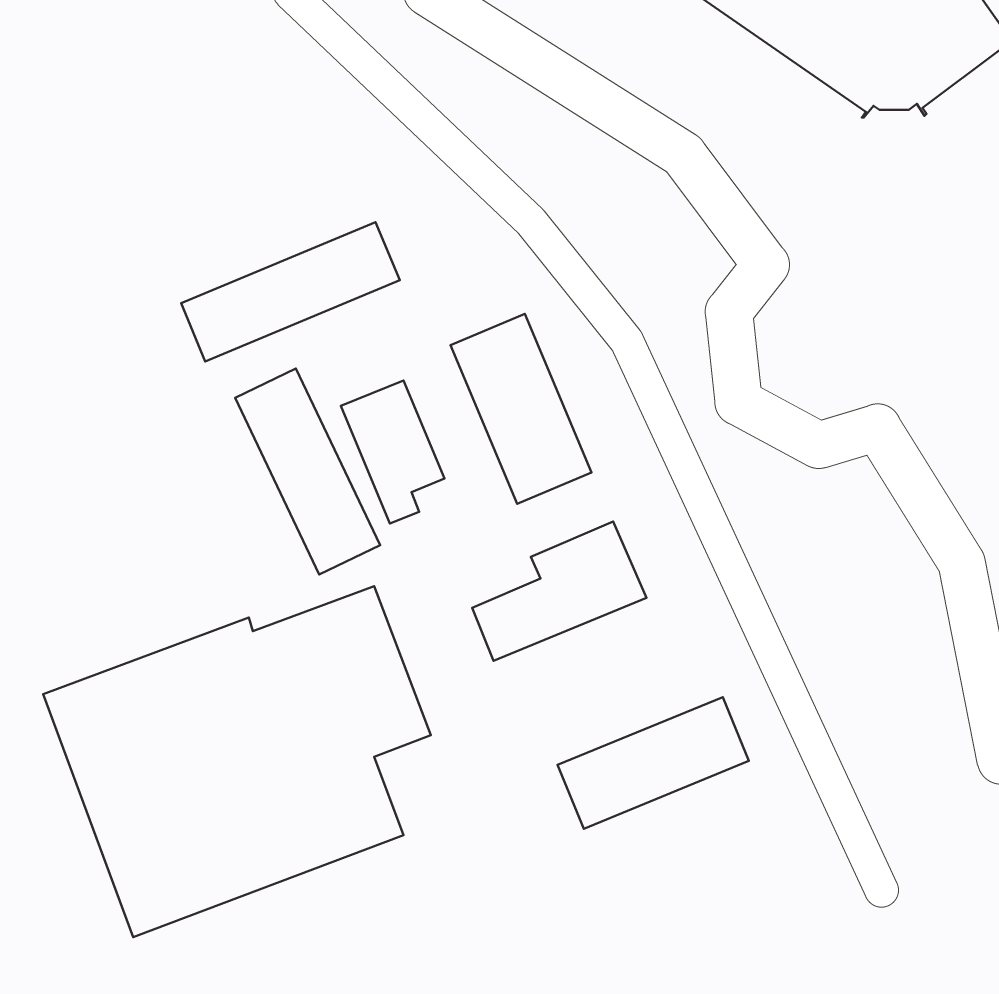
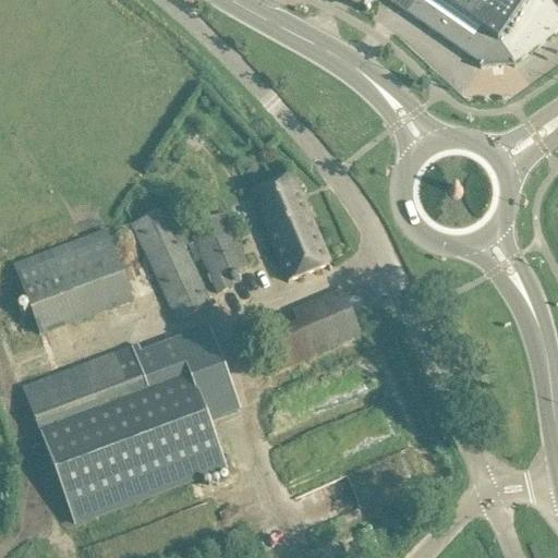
building: [181,222,400,361] -> none
building: none -> [13,229,135,337]
building: [558,697,749,829] -> none

